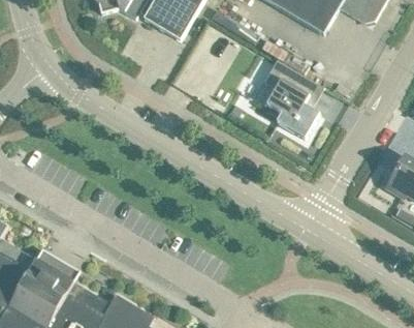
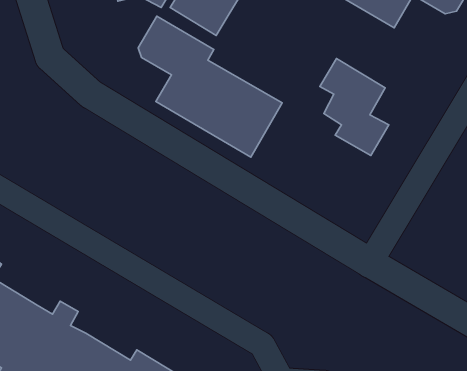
building: none -> [138,16,282,157]

